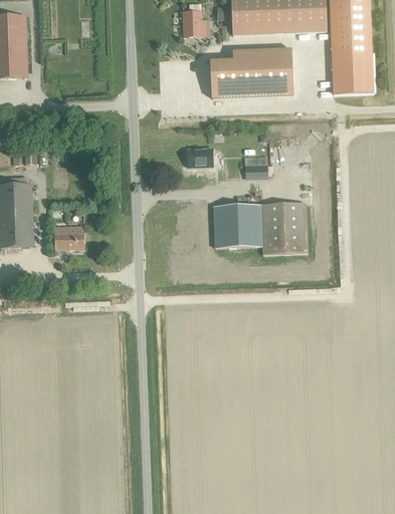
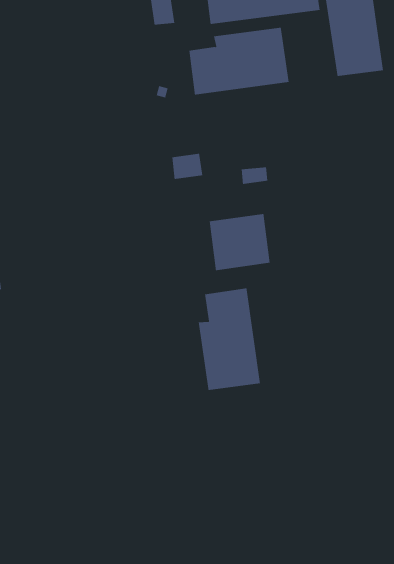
building: [261,202,308,253] -> none
building: [54,225,84,248] -> none
building: none -> [198,287,261,391]

